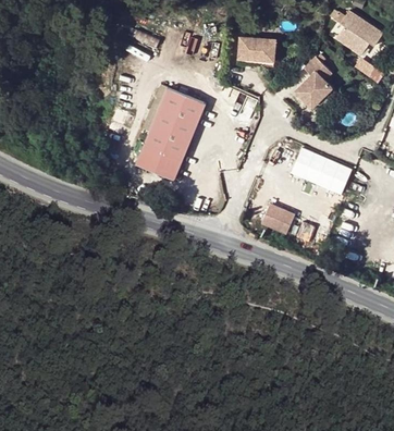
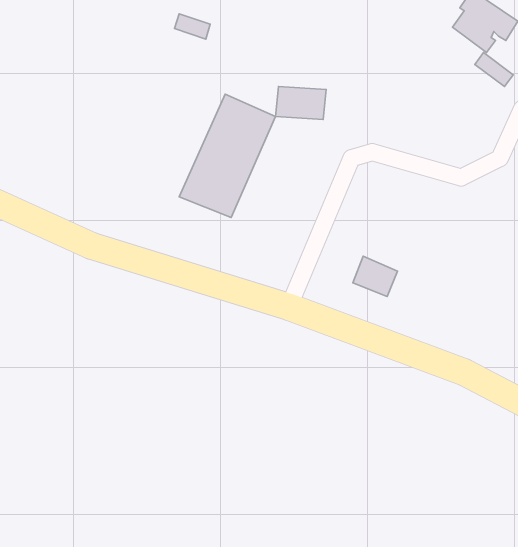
building: [242,38,279,62] -> [276,87,326,119]
building: [298,57,335,109] -> none
building: [290,148,352,193] -> none

